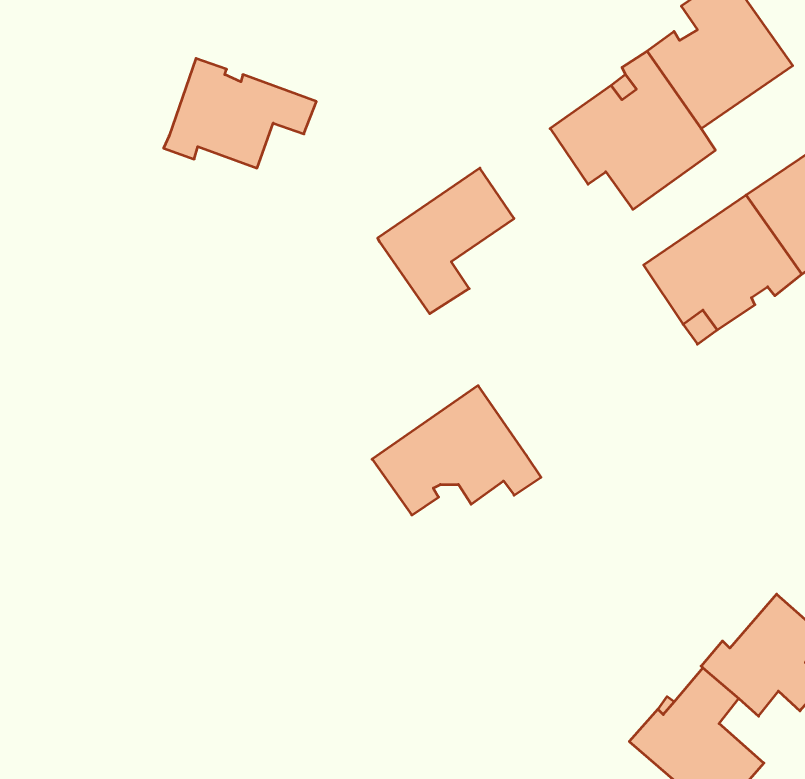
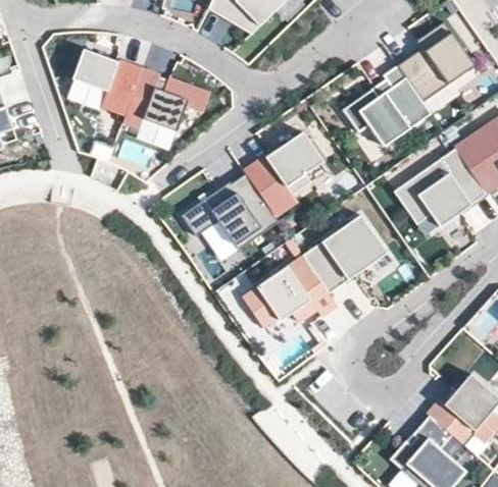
building: none -> [72,49,142,113]
building: none -> [182,173,280,250]
building: none -> [302,214,389,294]

